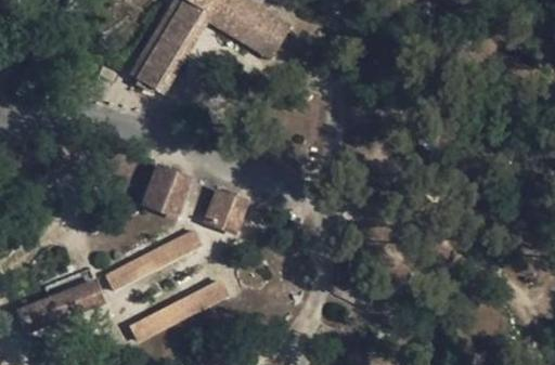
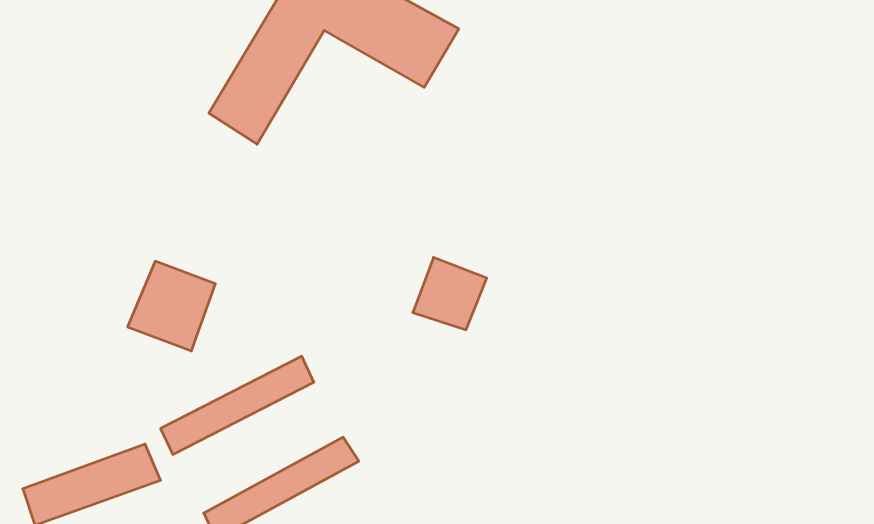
building: [139,162,194,219] -> [128,261,215,351]
building: [201,186,247,232] -> [413,257,487,330]

